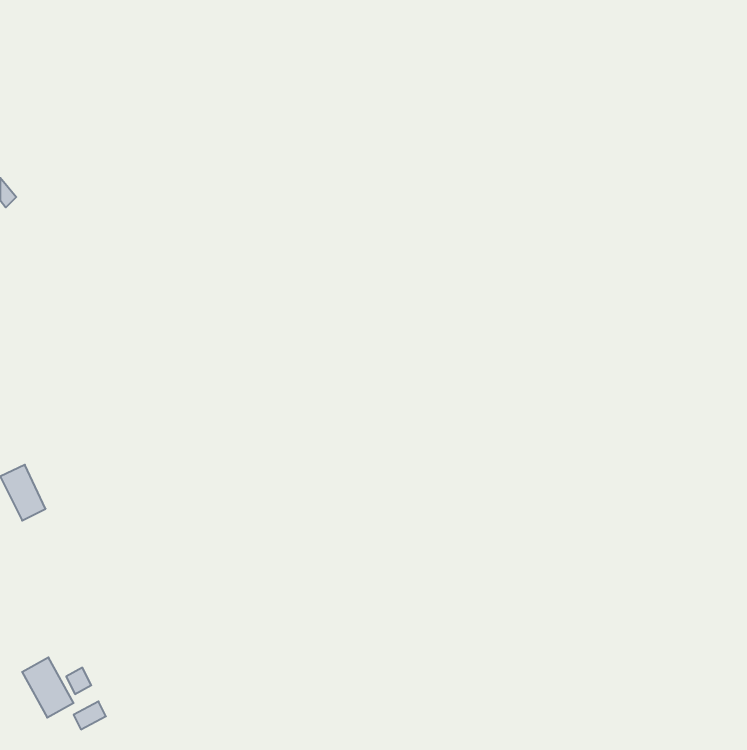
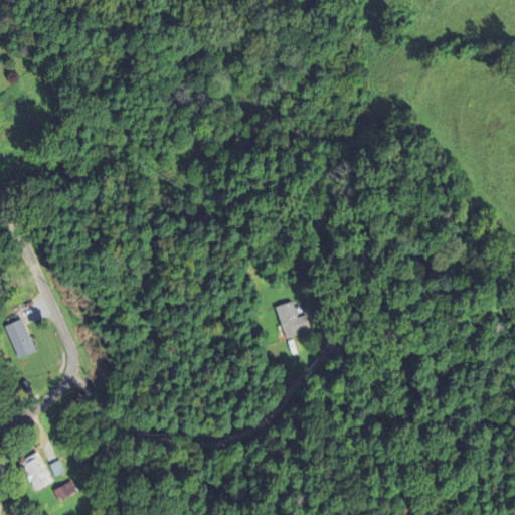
building: none -> [280,303,314,340]

